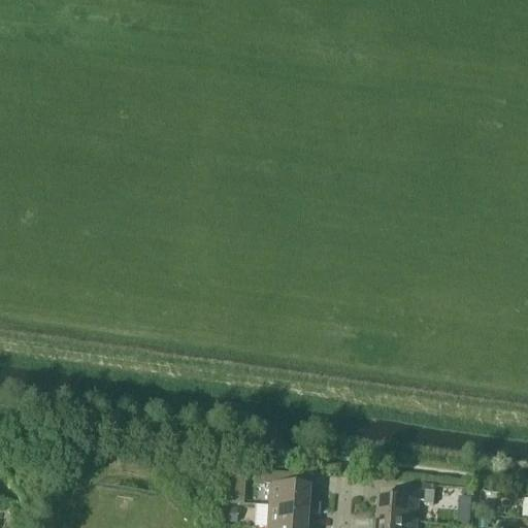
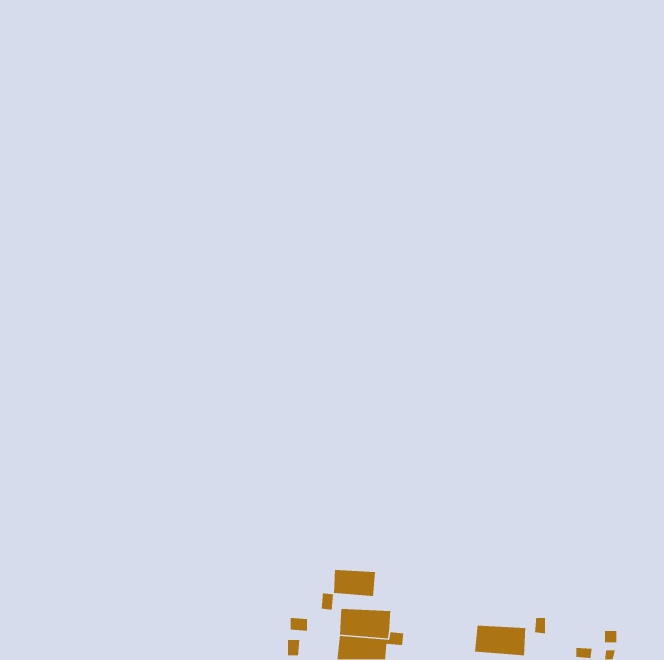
building: none -> [333,569,376,597]

